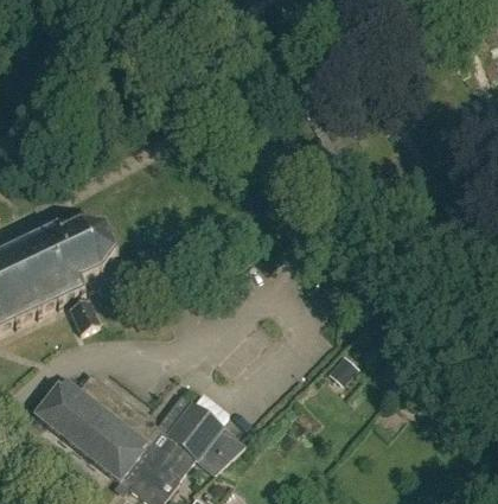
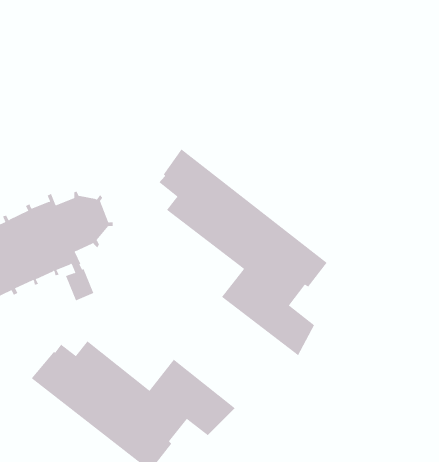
building: none -> [159,149,327,356]

